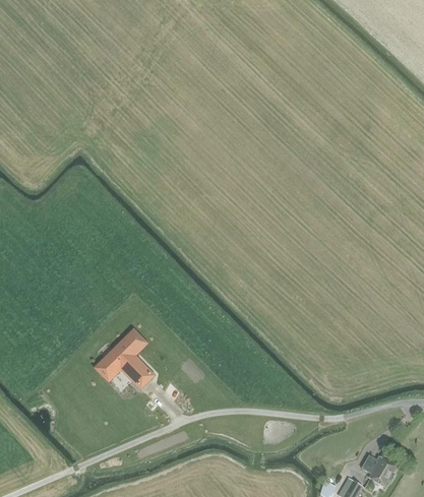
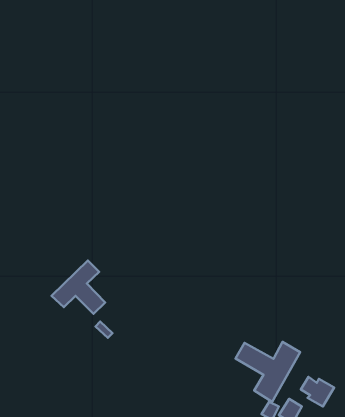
building: none -> [235,342,300,402]

